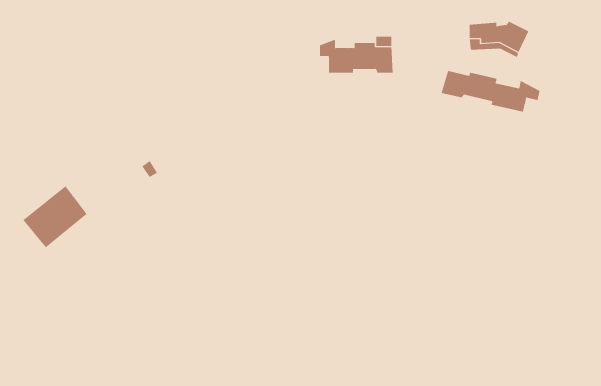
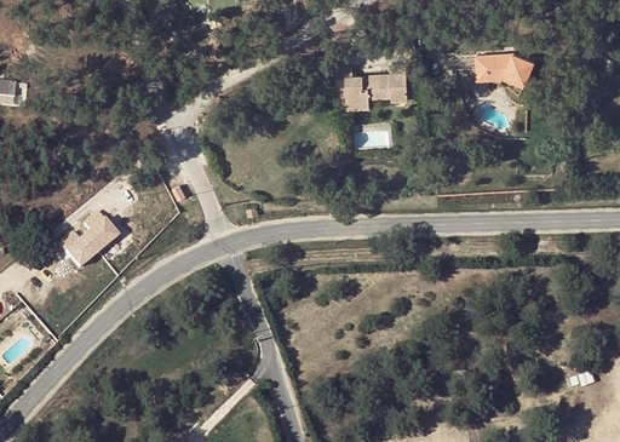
building: [441,70,540,113] -> none

